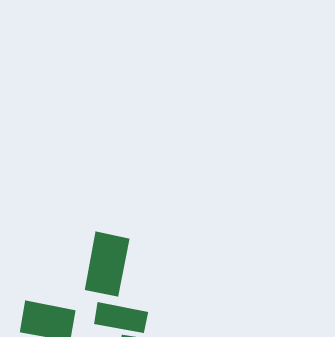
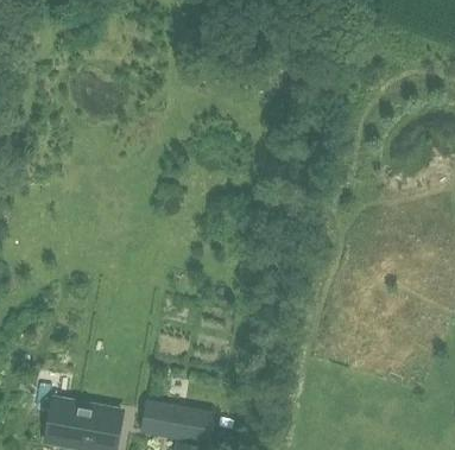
building: [84,231,131,298] -> none

